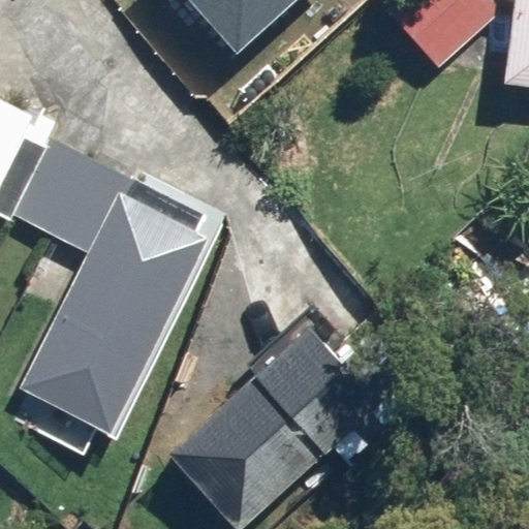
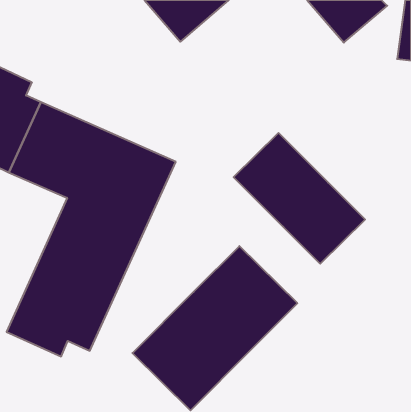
building: none -> [234,133,365,264]

